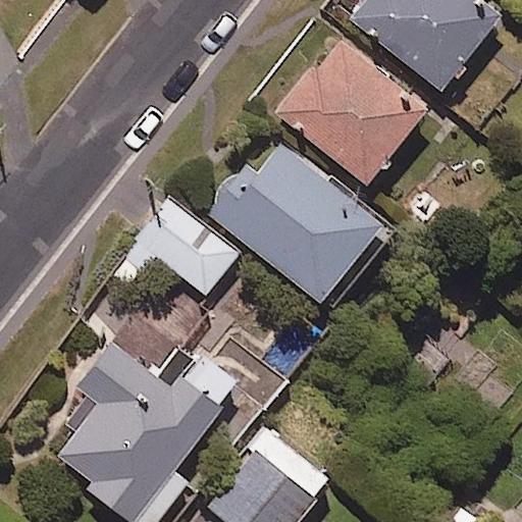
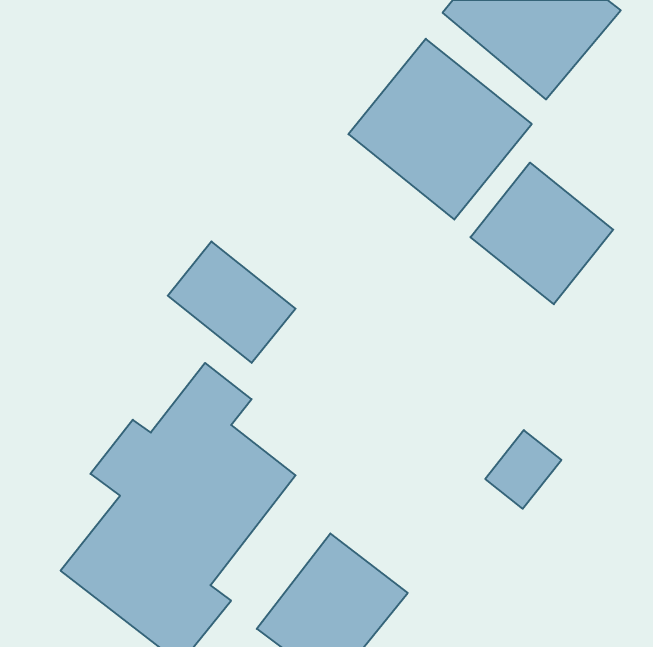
building: none -> [470,163,613,304]
building: [209,141,392,307] -> none

